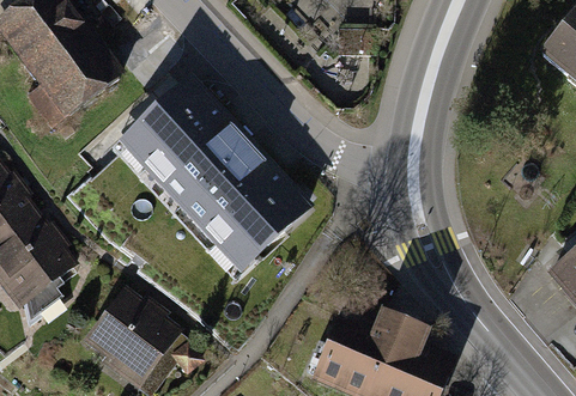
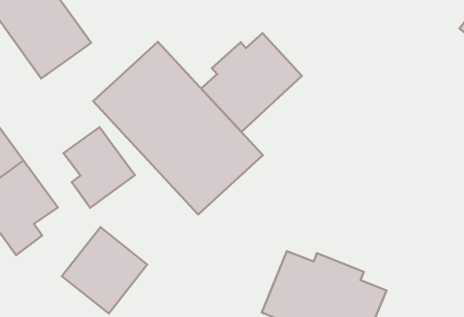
building: none -> [201,33,302,132]
building: none -> [63,127,135,208]

